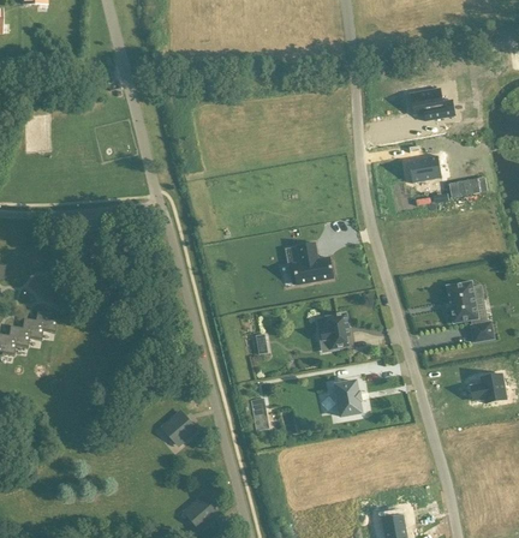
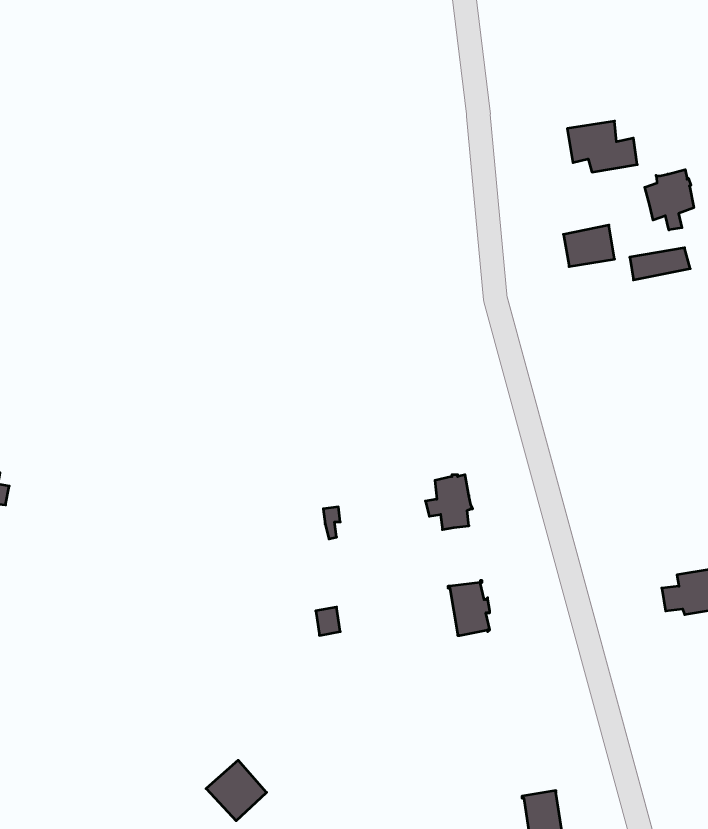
building: none -> [645,170,694,230]
building: [292,241,333,283] -> none
building: [446,280,494,341] -> none
building: [159,408,197,447] -> none

